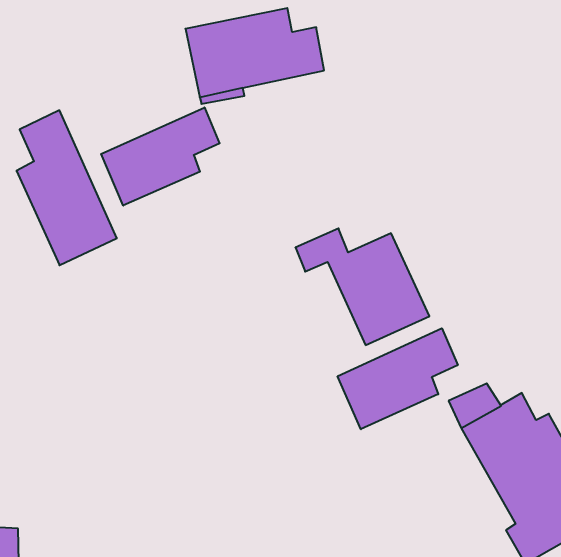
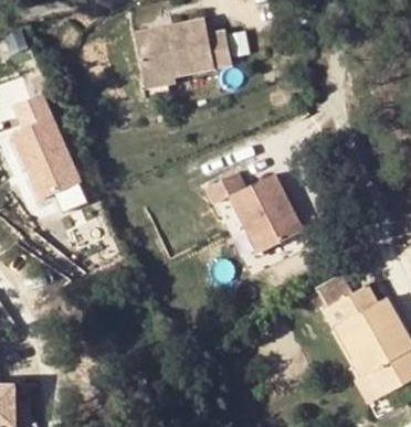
building: [101,107,220,206] -> none
building: [338,328,458,429] -> none

